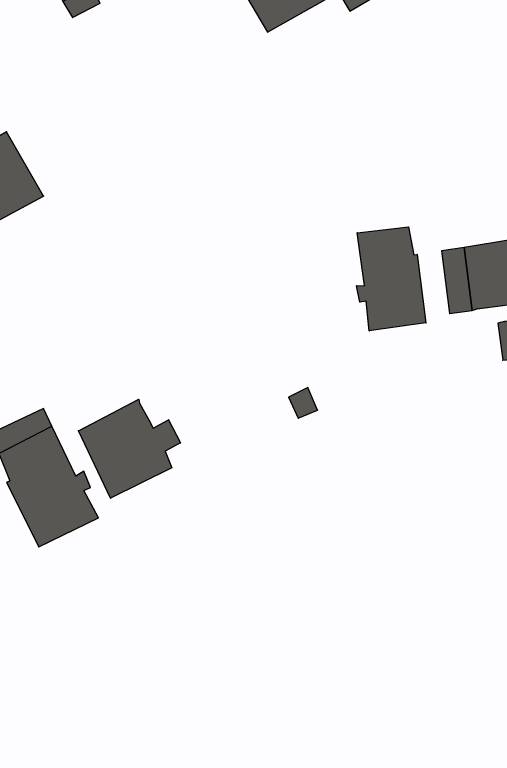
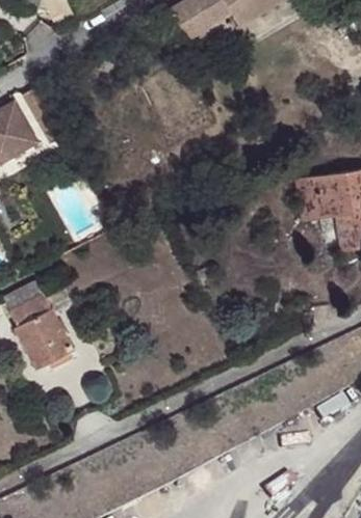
building: [357,227,426,331] -> none
building: [78,399,181,498] -> none

